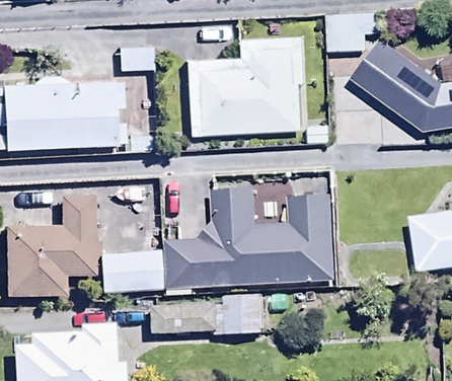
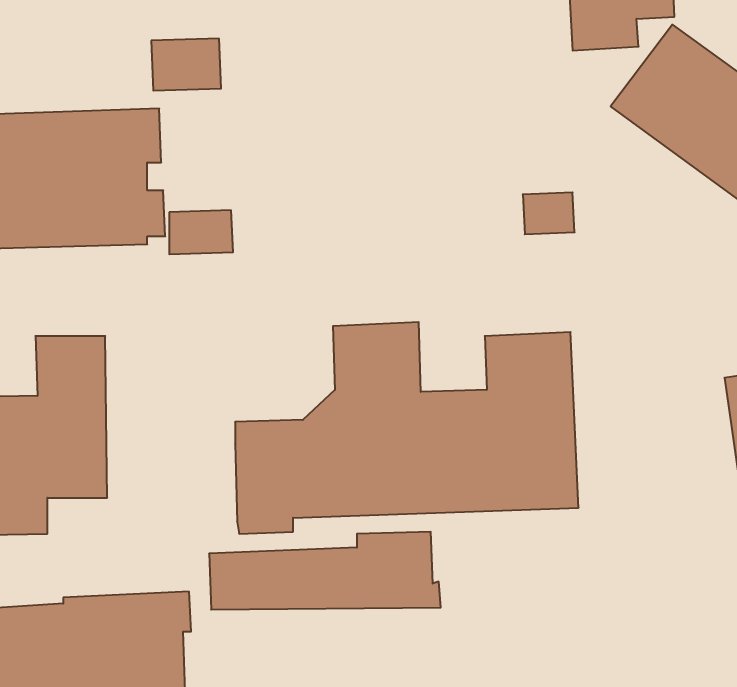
building: [184,34,307,136] -> none
building: [99,250,162,293] -> none

